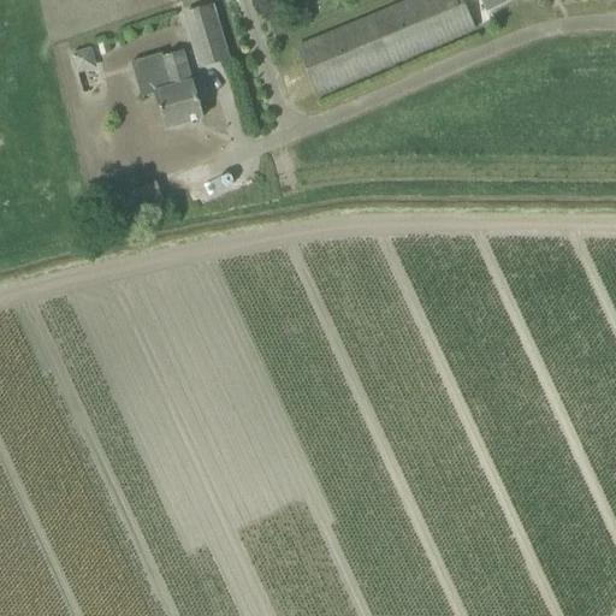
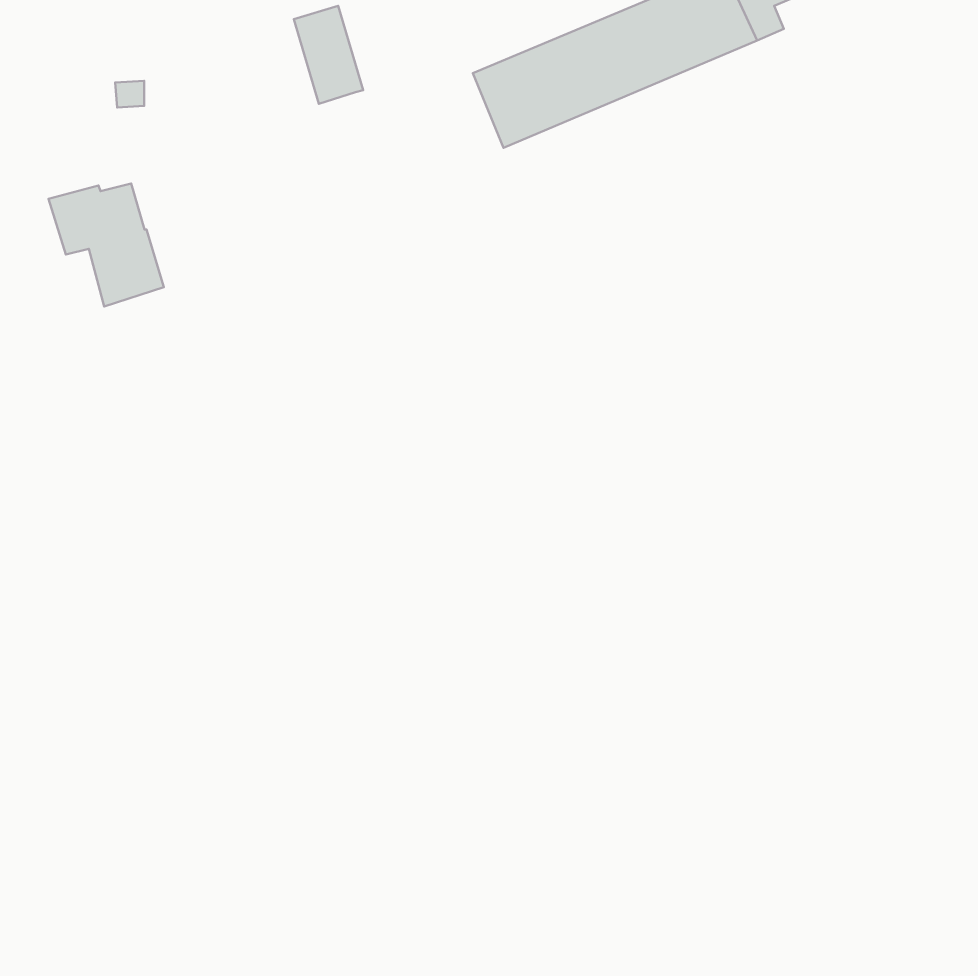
building: [132,51,205,128] -> [49,184,164,306]

